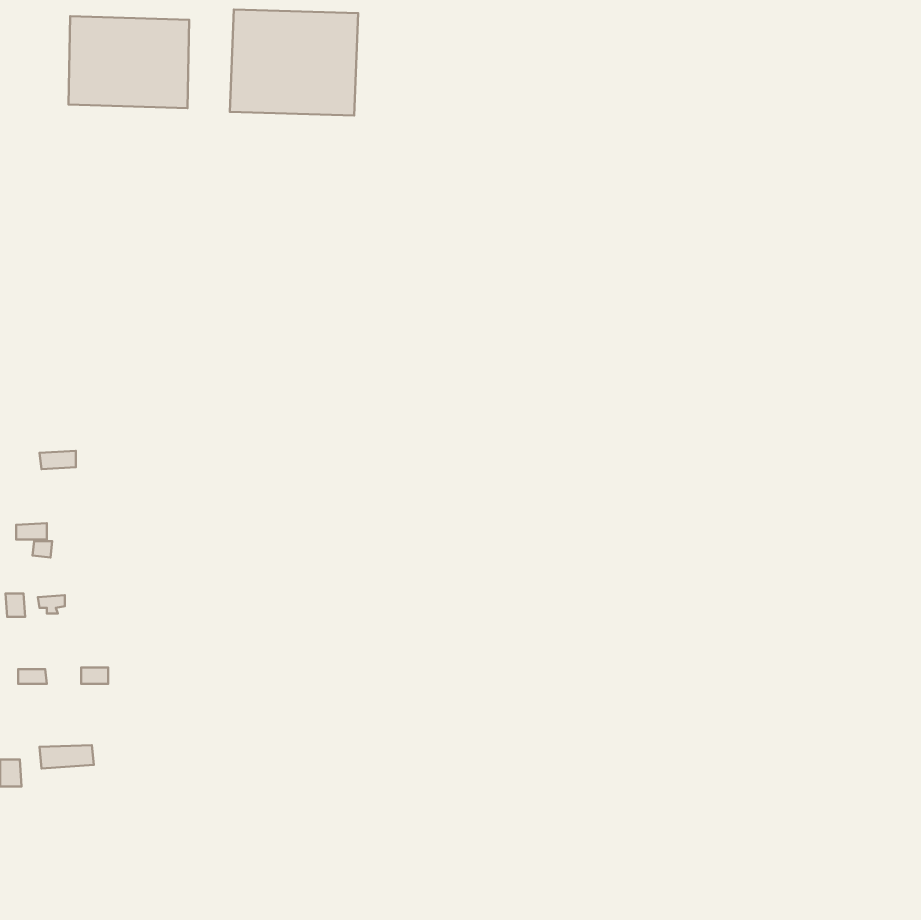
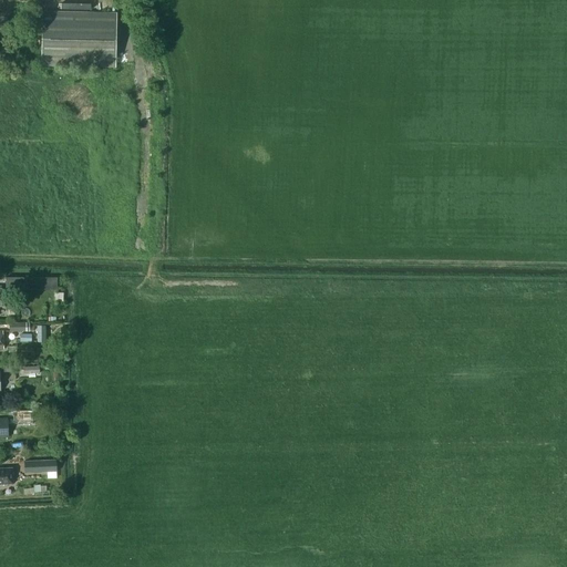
building: [230,9,358,116] -> none

